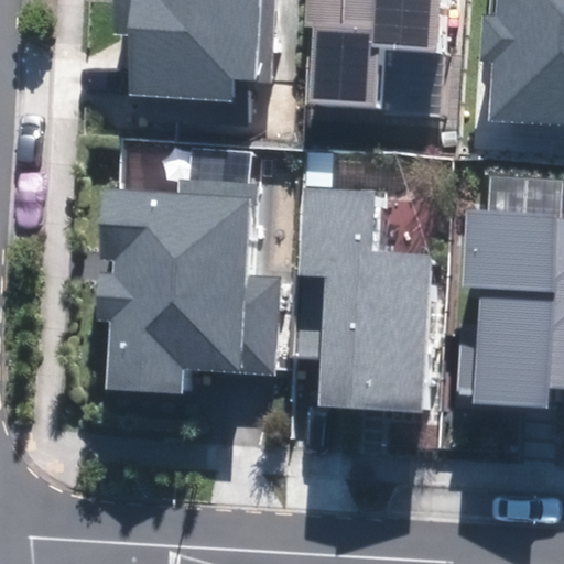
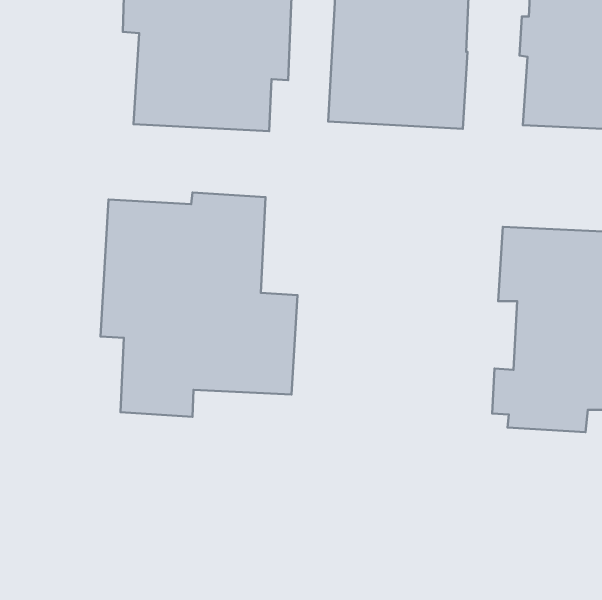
building: [304,185,429,408] -> none

